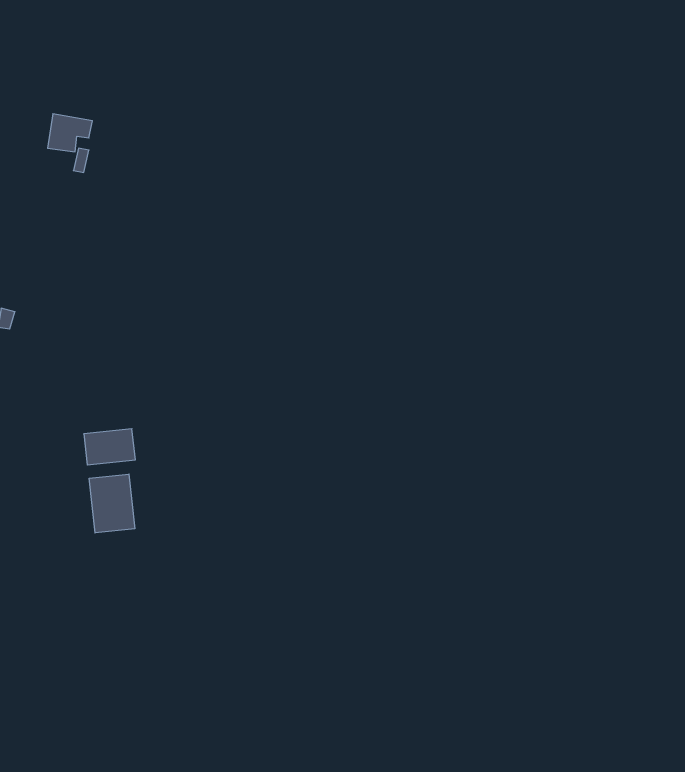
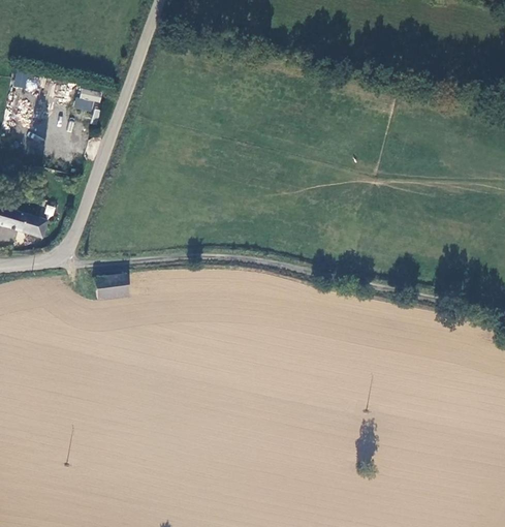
building: [89,474,135,533] -> none

